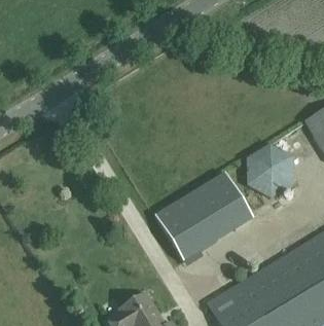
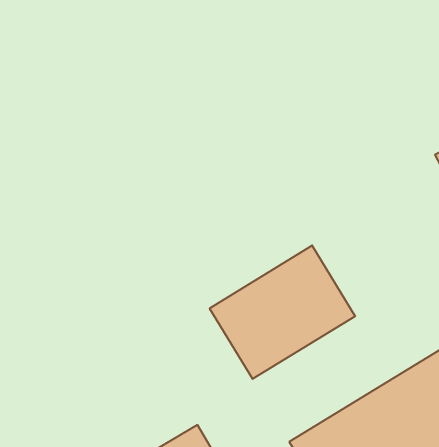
building: [247,144,294,197] -> none

